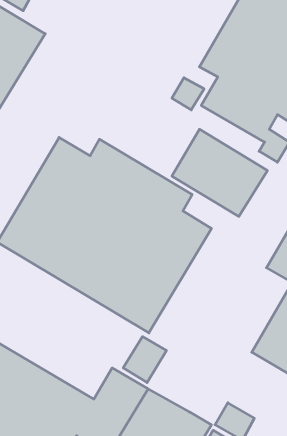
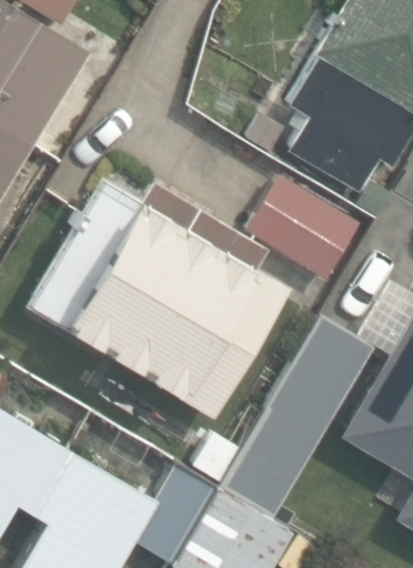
building: none -> [214,310,371,513]

